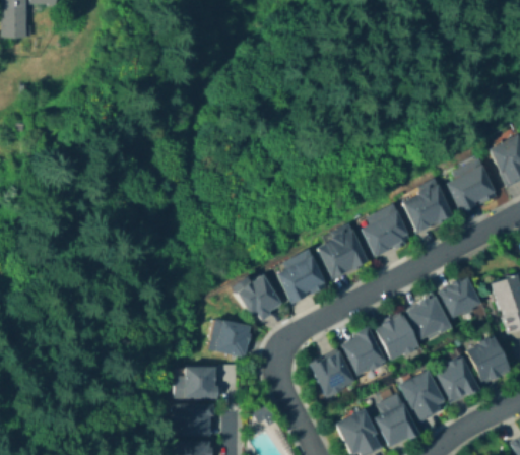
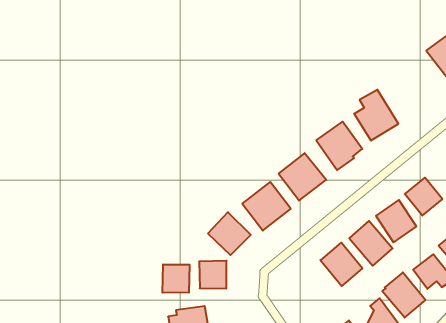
building: [446,158,492,209] -> none
building: none -> [162,264,190,293]
building: [314,351,353,395] -> none

